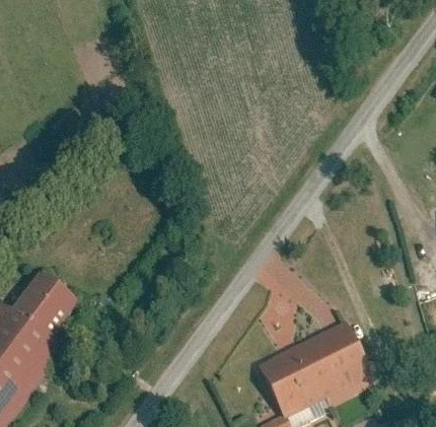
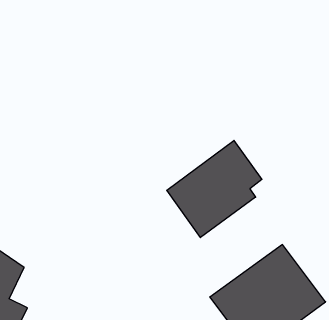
building: none -> [167,140,262,238]

